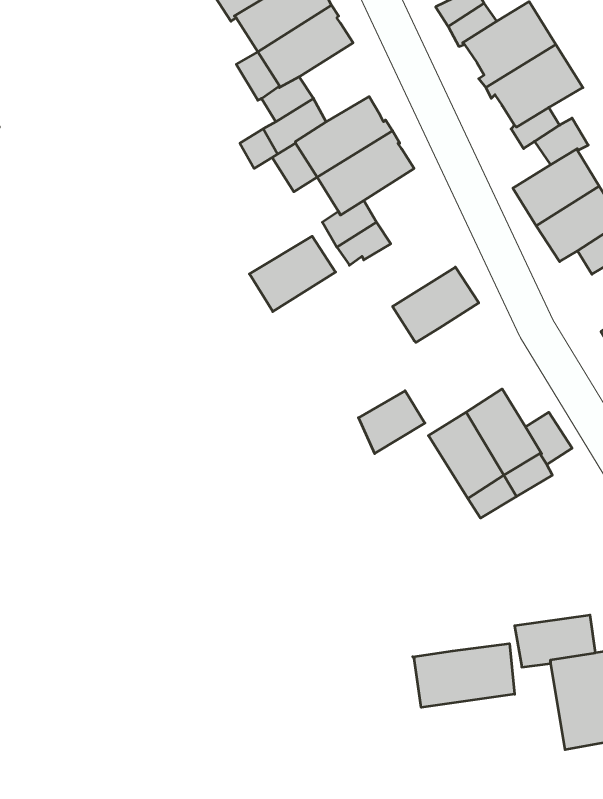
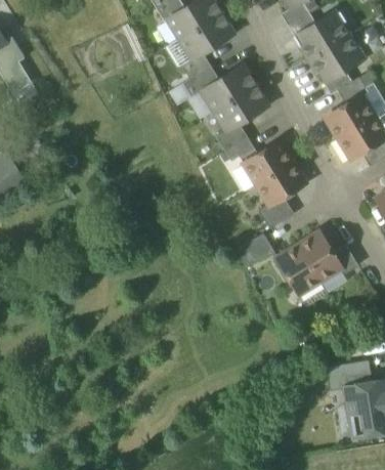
building: [249,236,336,312] -> [243,140,292,183]
building: none -> [258,196,294,228]
building: [413,644,515,707] -> none

